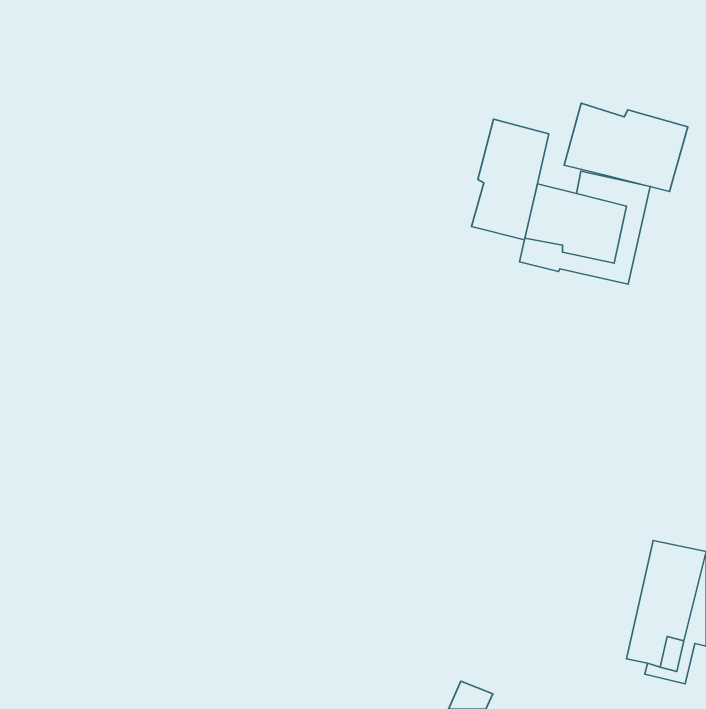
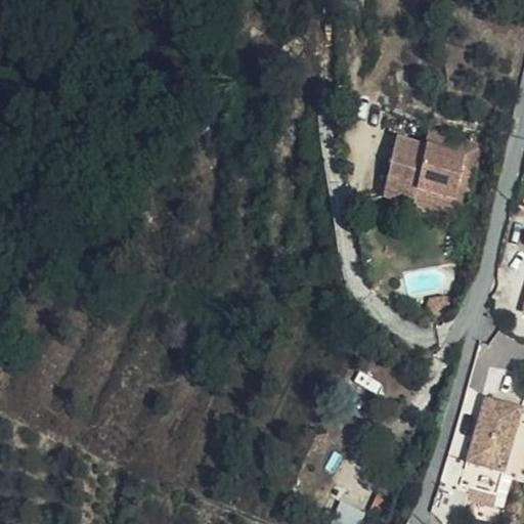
building: [564,103,688,191] -> none
building: [472,119,549,240] -> none

